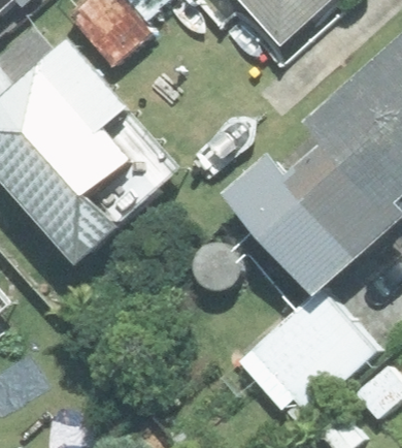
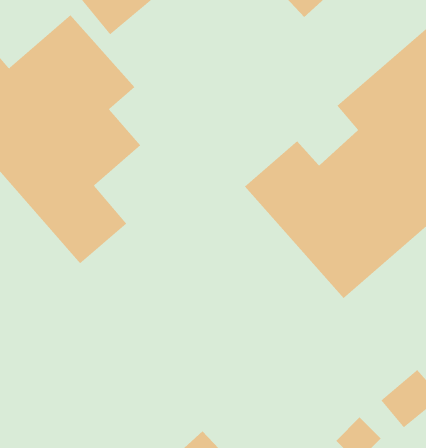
building: [232,294,368,414] -> none

